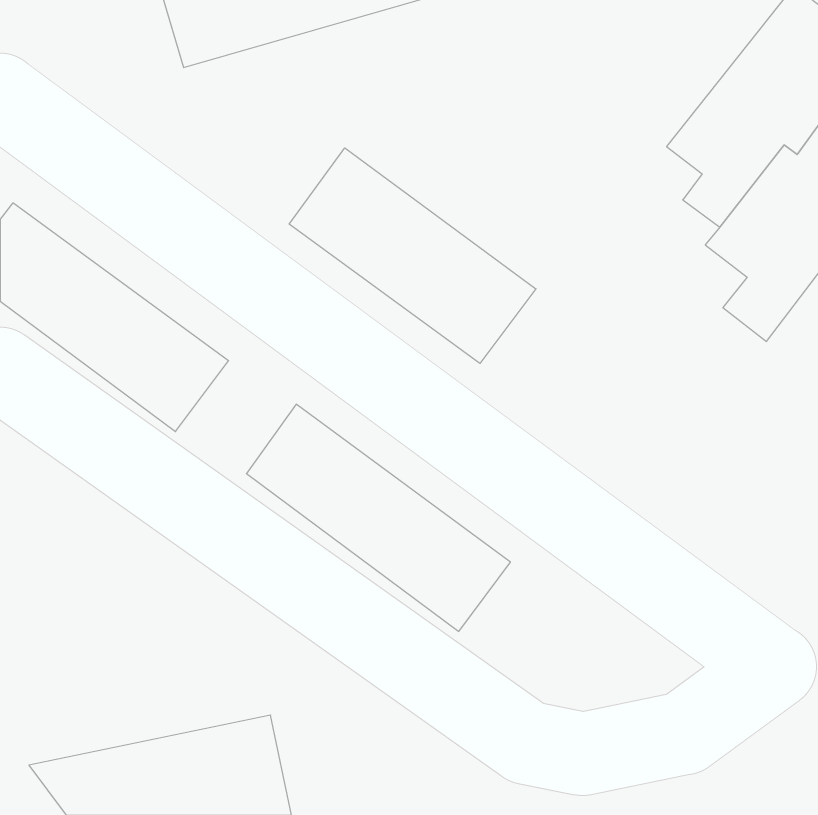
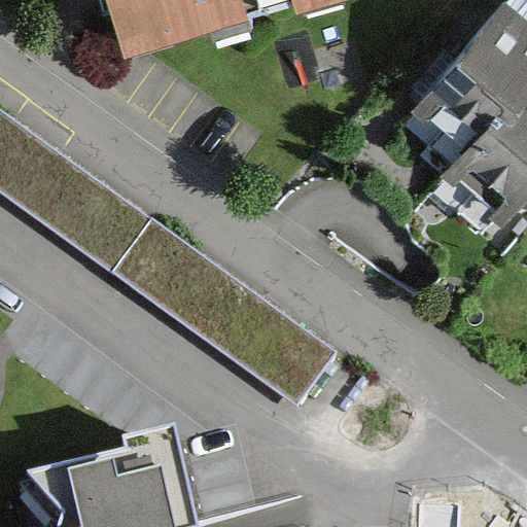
building: [289,148,536,363] -> none

